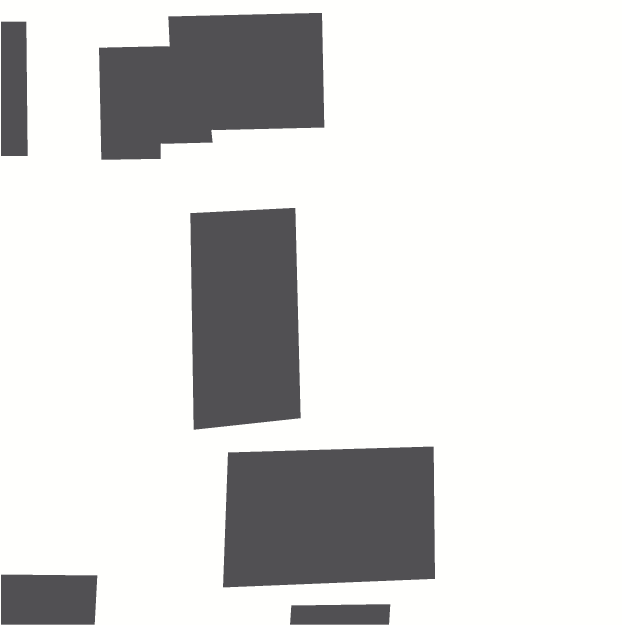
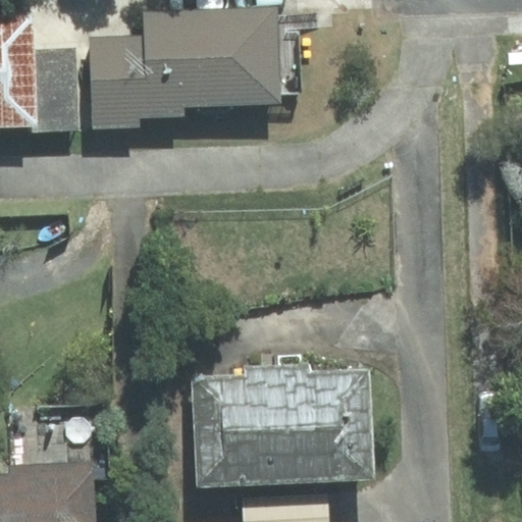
building: [190,207,301,431] -> none

